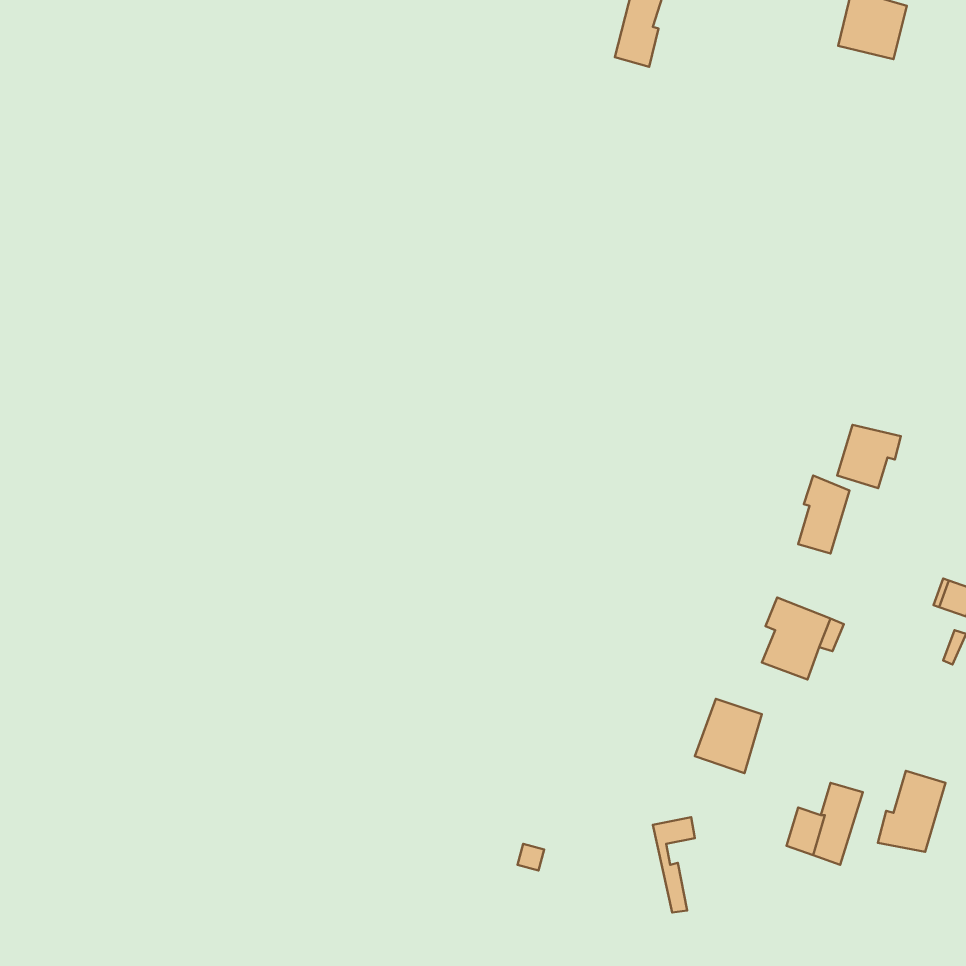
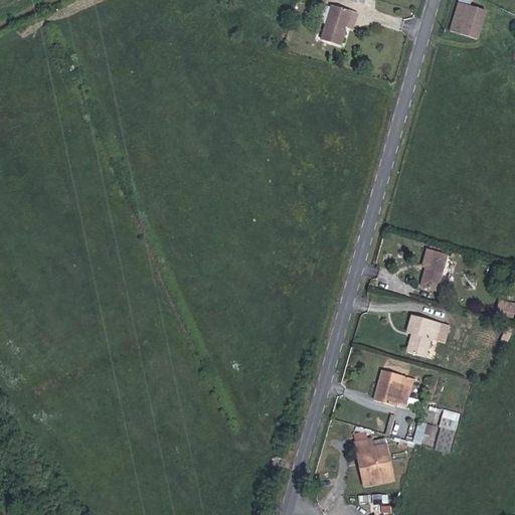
building: [837,425,901,488] -> none
building: [878,771,946,852] -> none
building: none -> [356,440,391,480]

